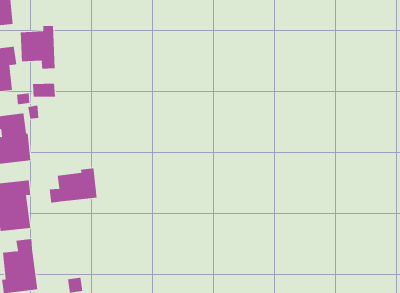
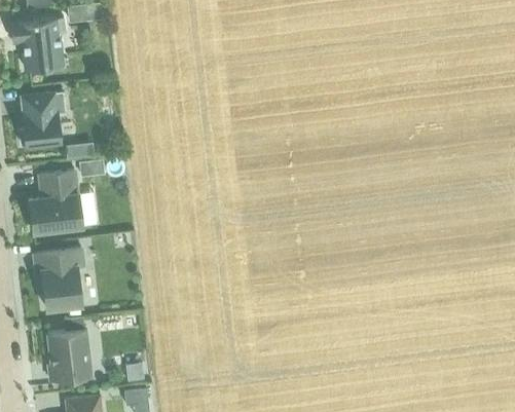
building: [20,25,55,70] -> none
building: [49,168,97,203] -> none

